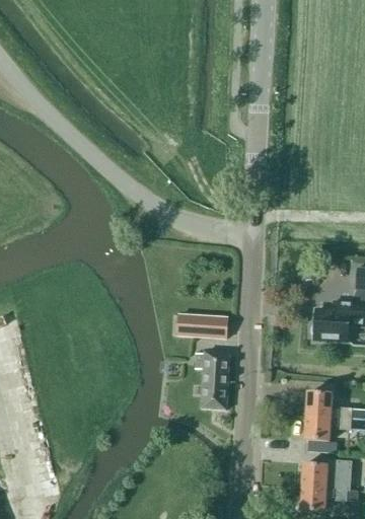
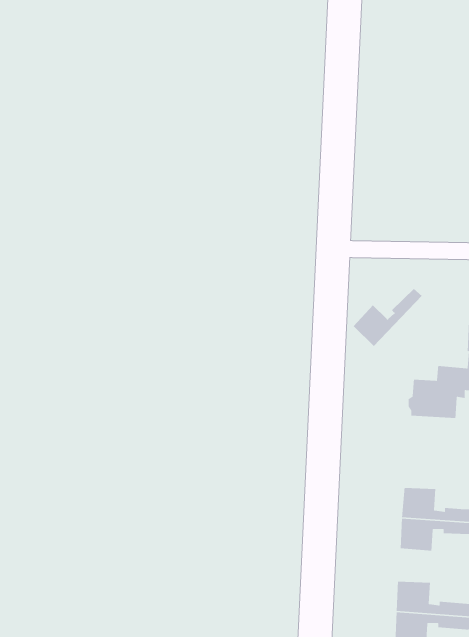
building: none -> [353,288,422,347]
building: [178,315,229,339] -> none
building: [196,351,229,409] -> none

